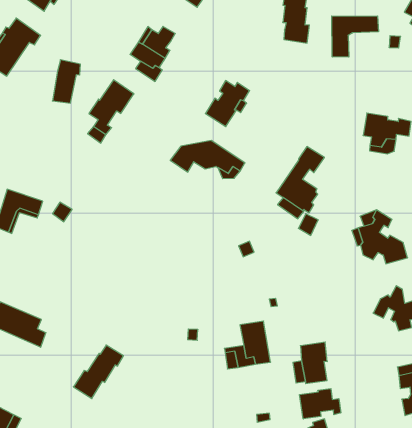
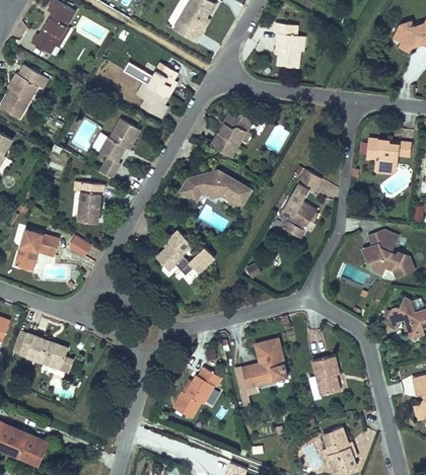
building: [332,16,378,57] -> none
building: [52,60,80,103] -> [79,179,103,220]
building: none -> [158,229,218,275]
building: [73,345,123,399] -> [172,367,218,418]
building: [300,389,341,419] -> none

